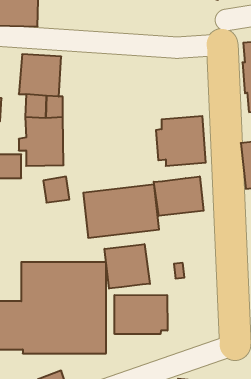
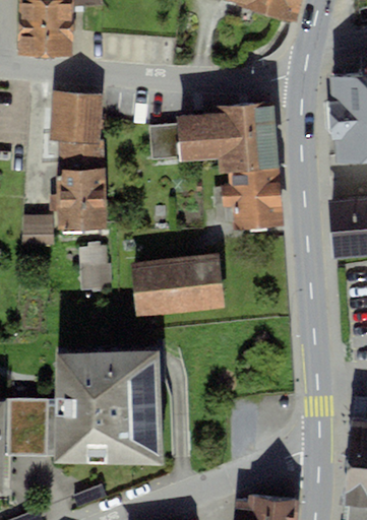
building: none -> [148,101,279,172]
building: [154,176,204,216] -> none
building: [105,244,150,289] -> none
building: [115,295,167,334] -> none

